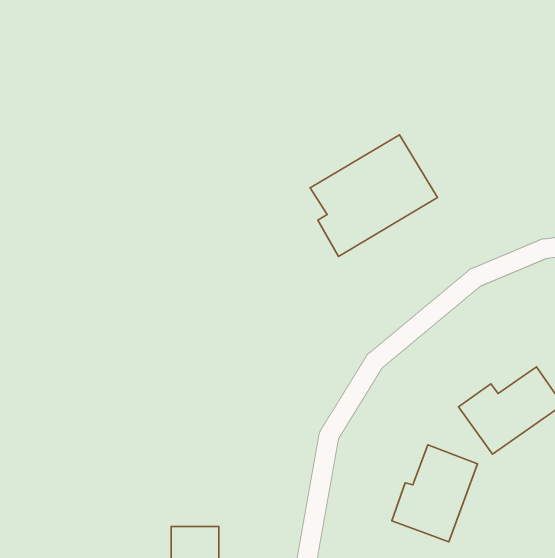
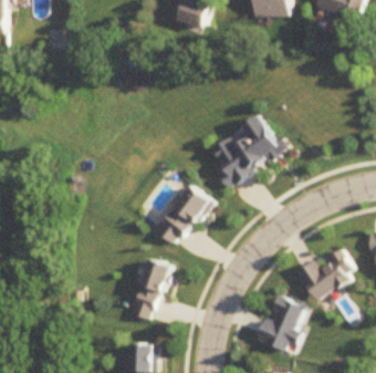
building: none -> [153,186,210,248]
building: none -> [129,260,166,321]

